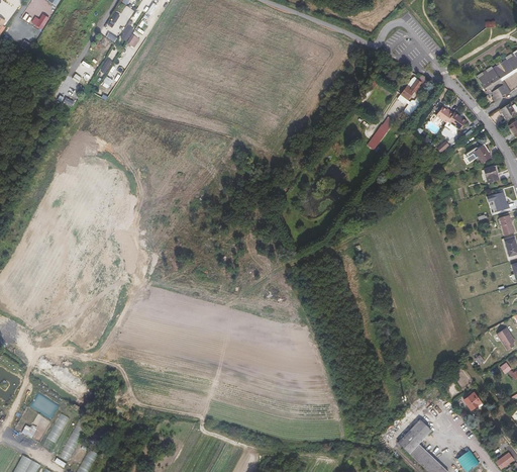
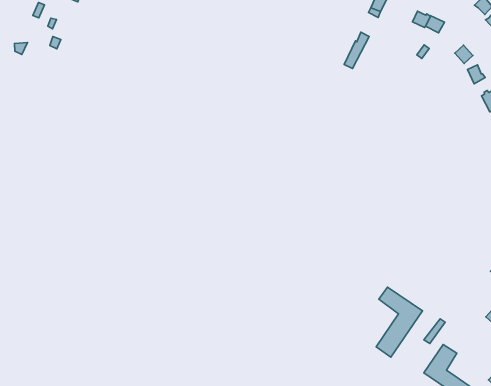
building: none -> [376,287,422,357]

